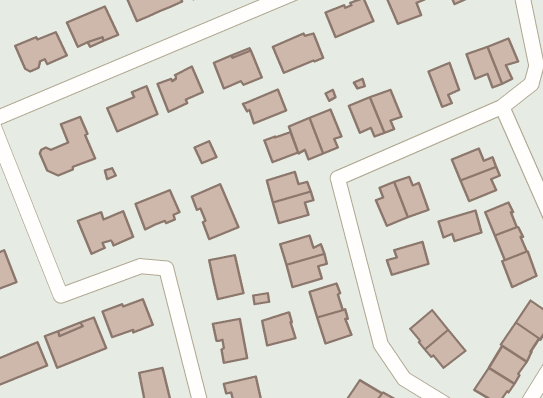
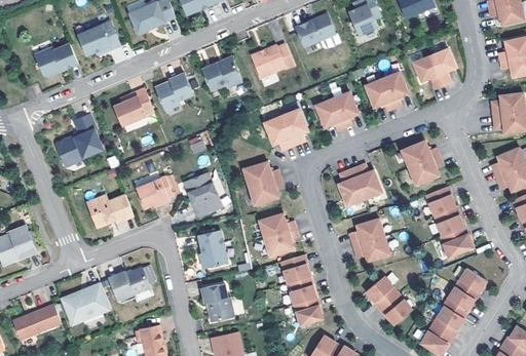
building: none -> [364,76,392,109]
building: [243,89,286,124] -> none
building: [264,132,298,162] -> none
building: [439,210,482,241] -> [350,237,386,263]
building: [262,312,295,345] -> [295,296,323,324]

